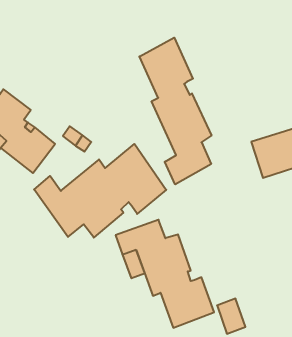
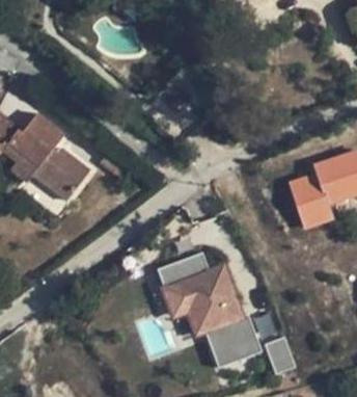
building: [139,38,211,184] -> none
building: [34,144,166,238] -> none

